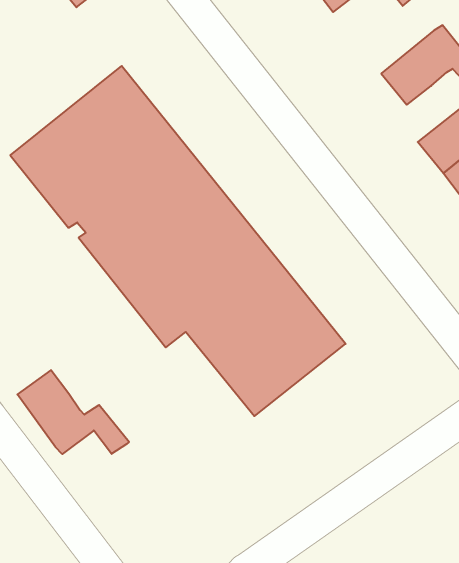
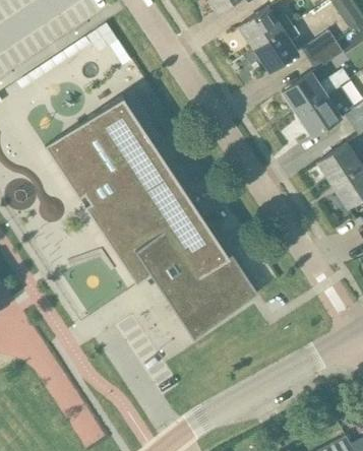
building: none -> [283,73,335,115]
building: [17,370,129,454] -> none

